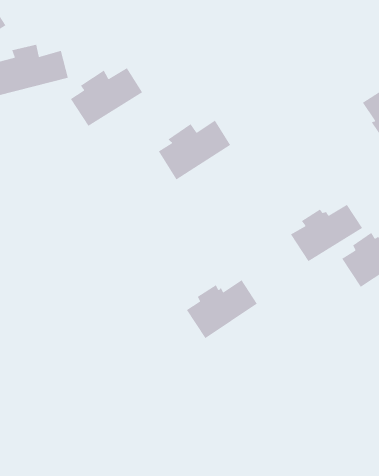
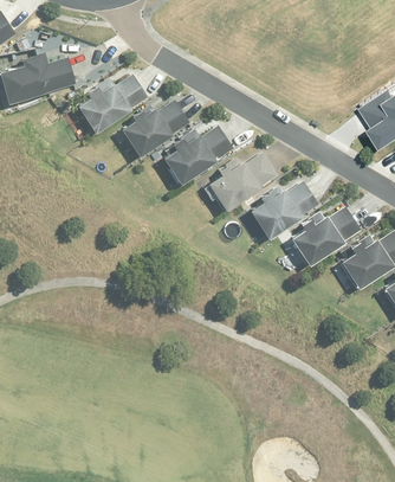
building: none -> [119,102,188,158]
building: none -> [206,153,277,211]
building: [186,279,258,339] -> [247,182,317,240]

